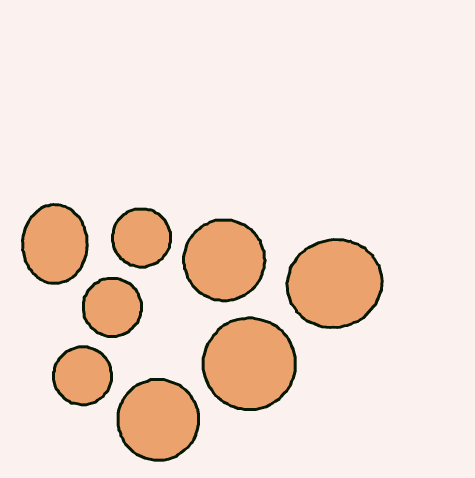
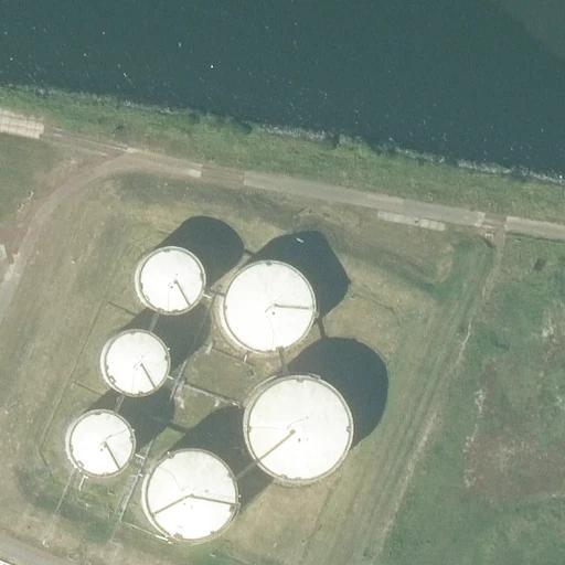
building: [23,205,87,283] -> none
building: [287,240,382,327] -> none

